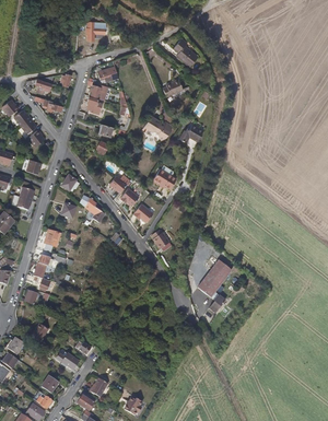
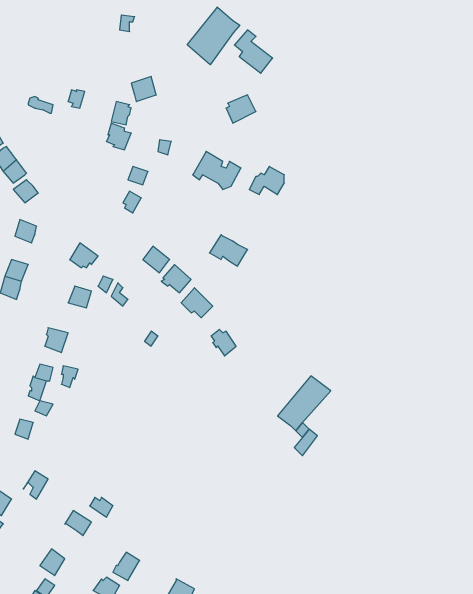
building: none -> [187,7,240,65]

